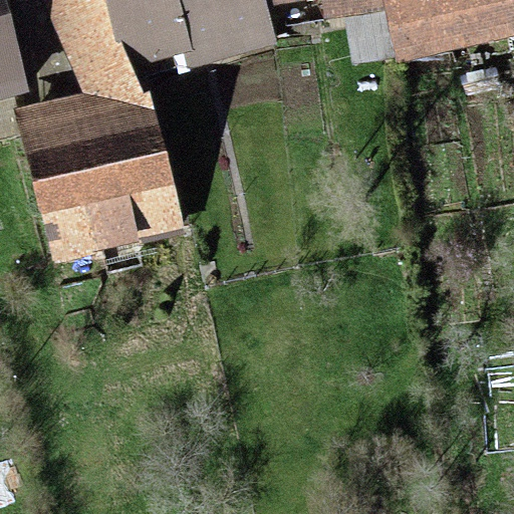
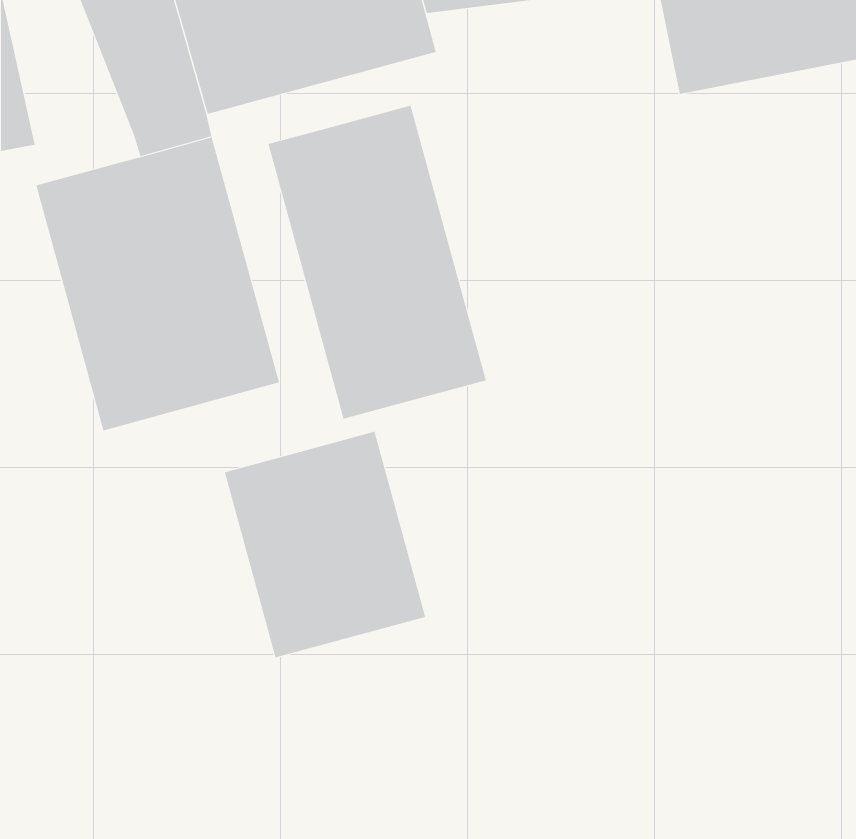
building: none -> [268,105,487,419]
building: none -> [224,431,426,658]

